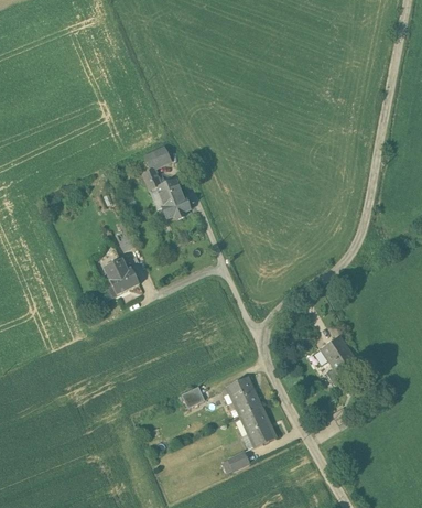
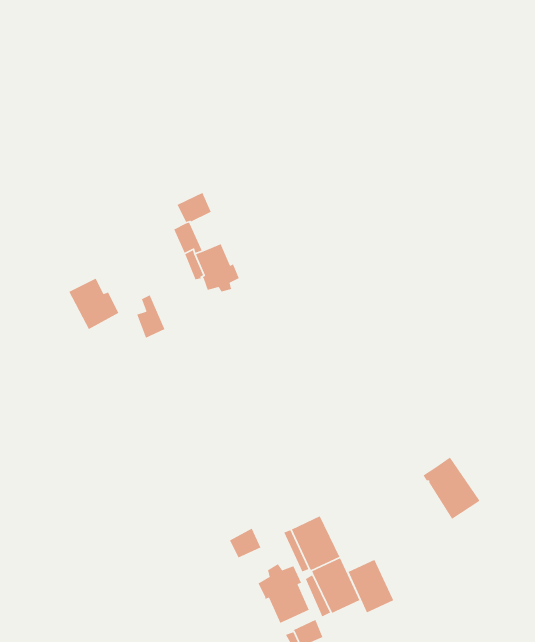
building: [104,258,140,295] -> [68,278,119,330]
building: none -> [347,559,394,614]
building: none -> [258,563,310,624]

